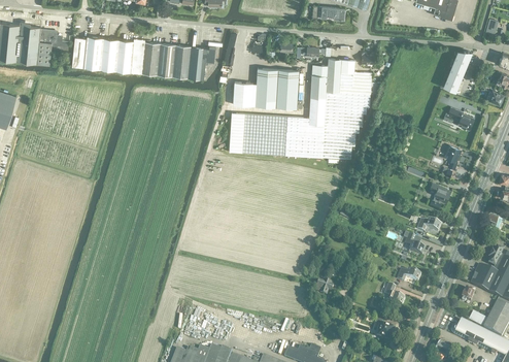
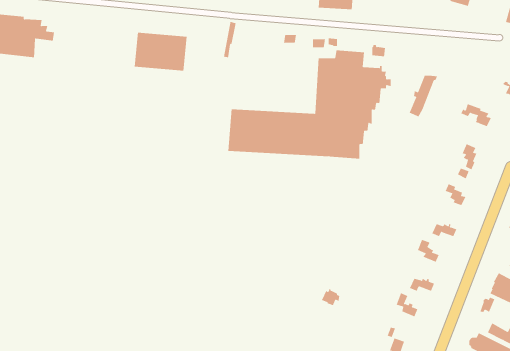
building: [71,36,144,73] -> none
building: [188,45,215,79] -> none
building: [443,51,470,90] -> [409,75,438,117]
building: [232,67,298,108] -> none

